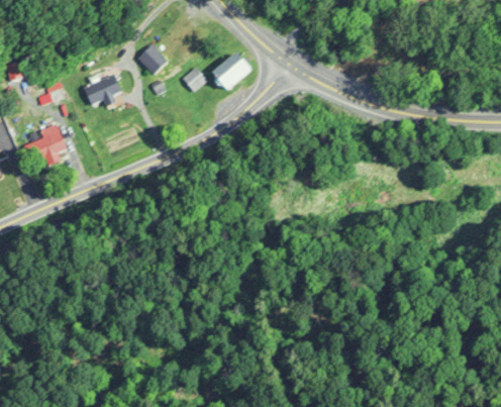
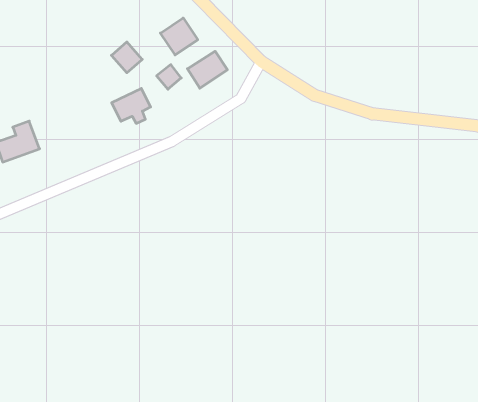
building: none -> [160,18,198,55]
building: [83,74,121,108] -> [112,88,151,123]

